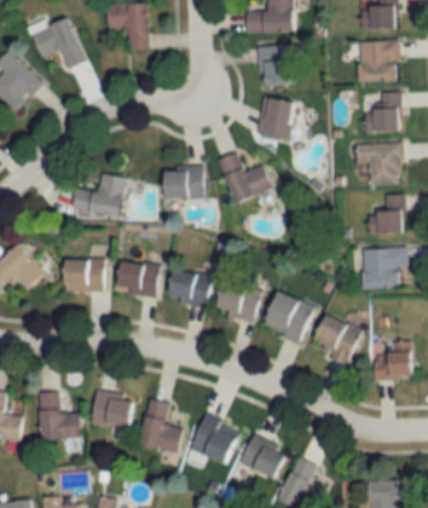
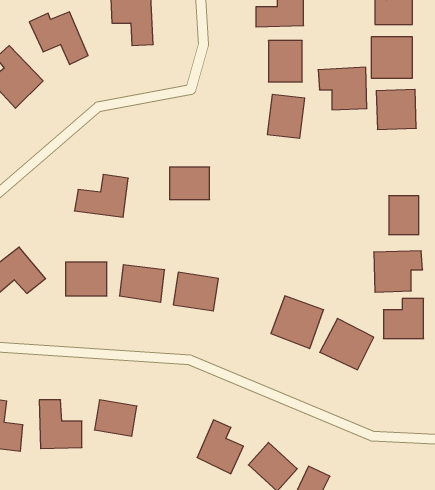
building: [357,142,404,183] -> [318,67,367,110]
building: [219,151,272,202] -> none
building: [216,283,260,321] -> none
building: [374,341,412,380] -> [383,299,424,339]
building: [140,398,184,452] -> none

